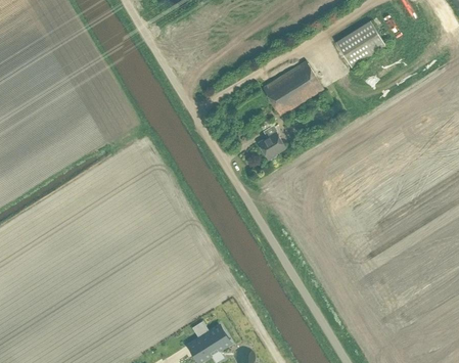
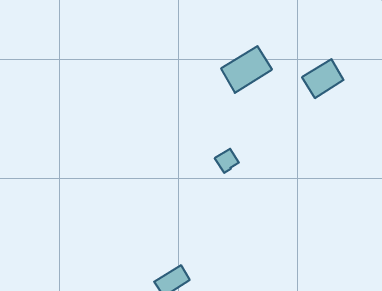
building: [336,21,385,67] -> [302,59,344,98]
building: [258,132,286,161] -> [215,149,239,173]

